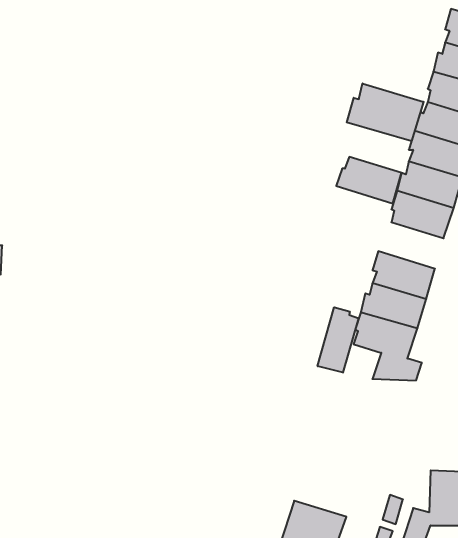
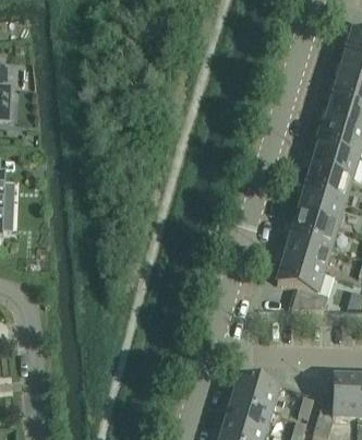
building: [347,83,424,141] -> none
building: [336,157,402,203] -> [295,189,345,224]
building: [318,307,358,373] -> none
building: none -> [232,374,279,411]

